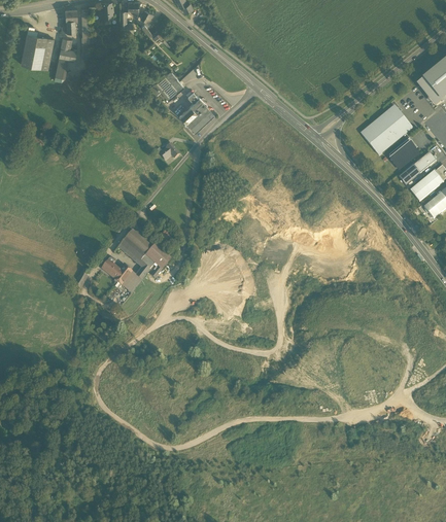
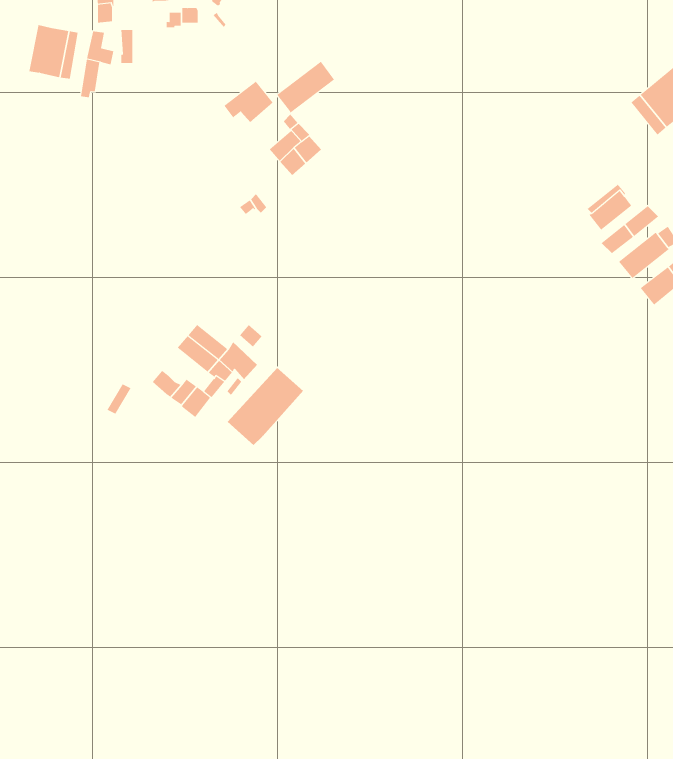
building: none -> [276,61,335,114]
building: [361,104,411,152] -> none
building: none -> [227,367,304,446]

